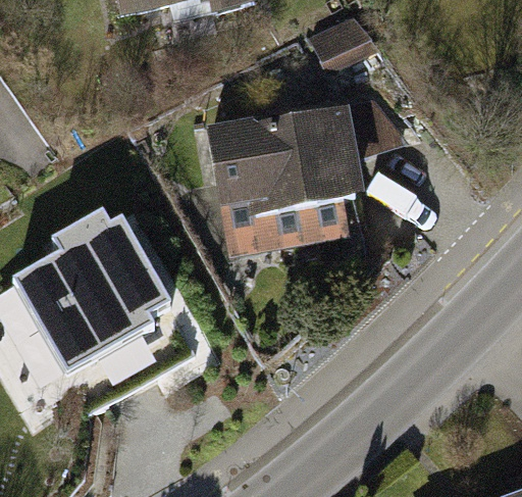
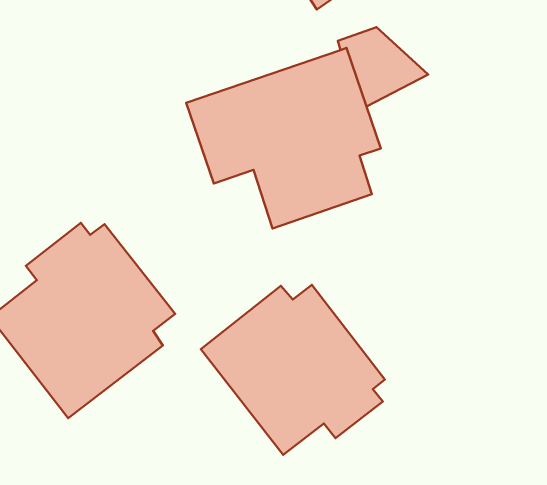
building: none -> [201,285,385,455]

